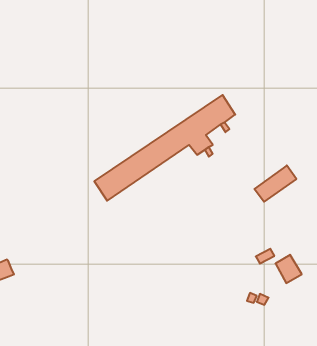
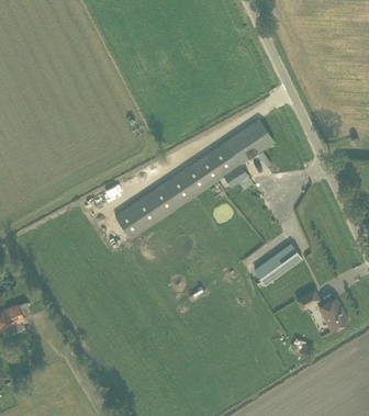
building: [254,165,296,202] -> [255,243,302,283]

